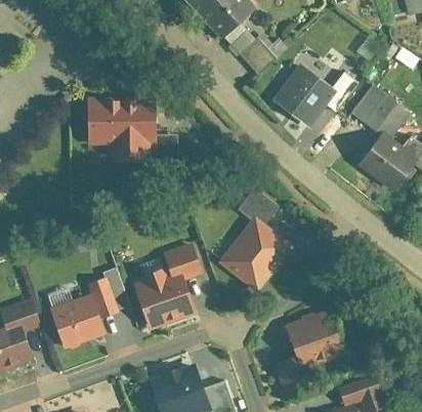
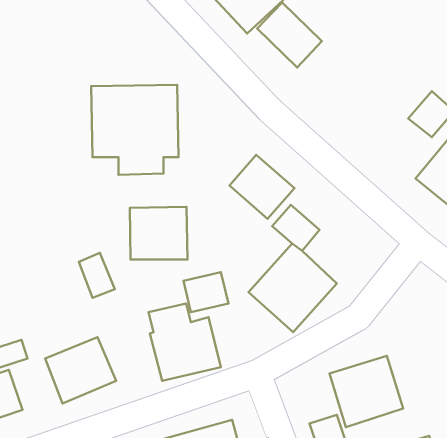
building: [273,64,329,120] -> none
building: none -> [229,155,294,219]
building: none -> [130,207,187,260]
building: [92,273,122,310] -> [79,253,115,298]

